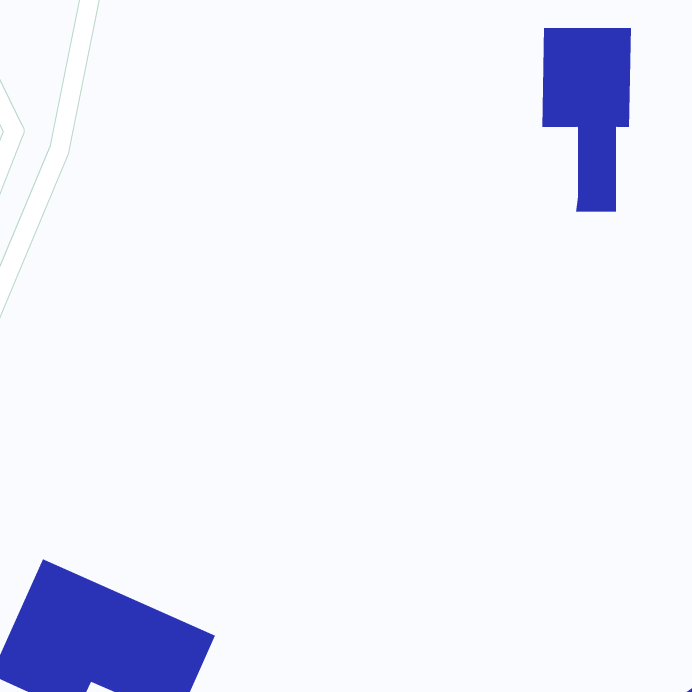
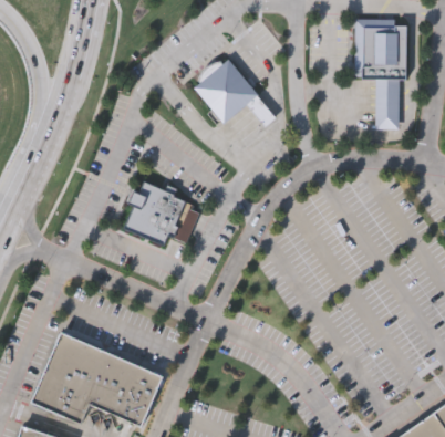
building: none -> [194,60,276,126]
building: none -> [123,180,200,247]

